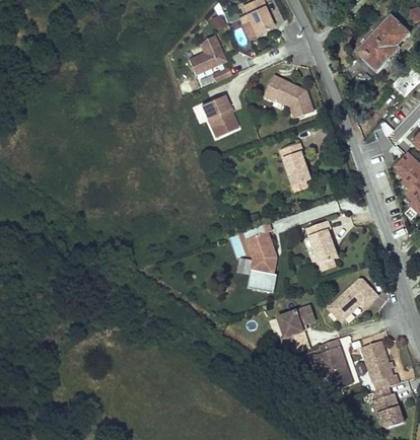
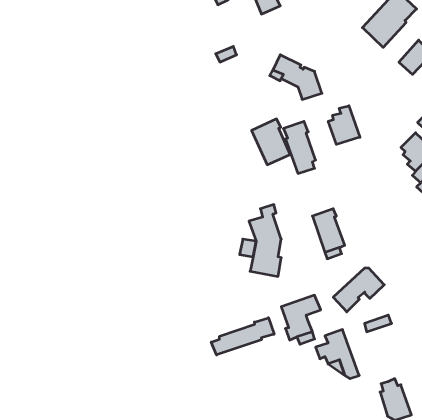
building: [190,35,227,75] -> none
building: [202,95,239,140] -> [252,119,290,165]
building: none -> [328,106,360,144]
building: none -> [211,318,274,355]
building: [360,346,399,394] -> none

